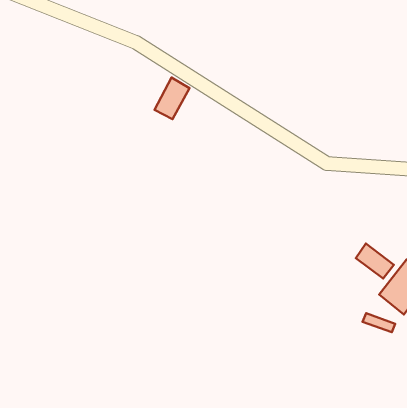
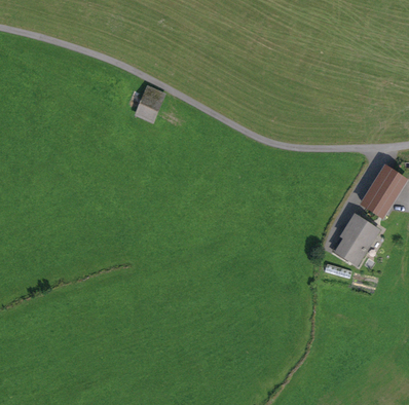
building: [356,243,394,278] -> none

